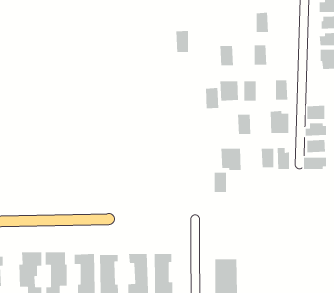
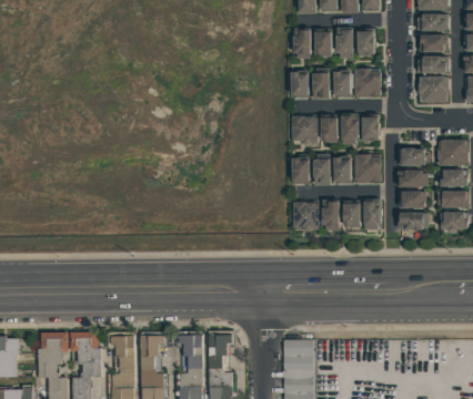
building: none -> [316,30,334,57]
building: none -> [359,30,376,57]
building: [176,30,189,53] -> [295,30,312,59]
building: none -> [354,69,380,98]
building: none -> [313,71,330,98]
building: none -> [342,115,359,142]
building: [205,87,219,109] -> [293,157,311,185]
building: none -> [334,157,352,184]
building: [214,172,227,193] -> [323,201,340,227]

